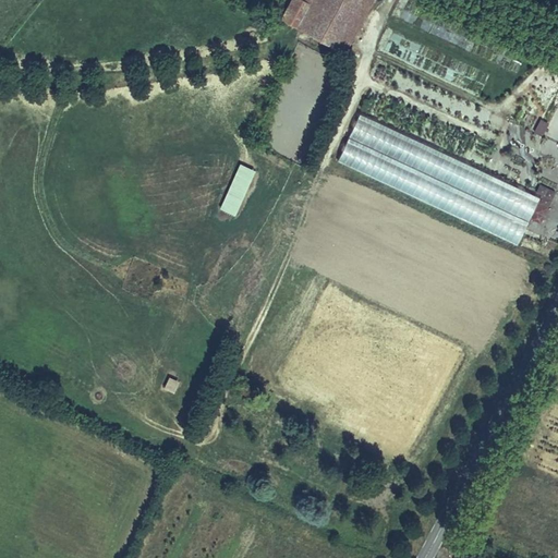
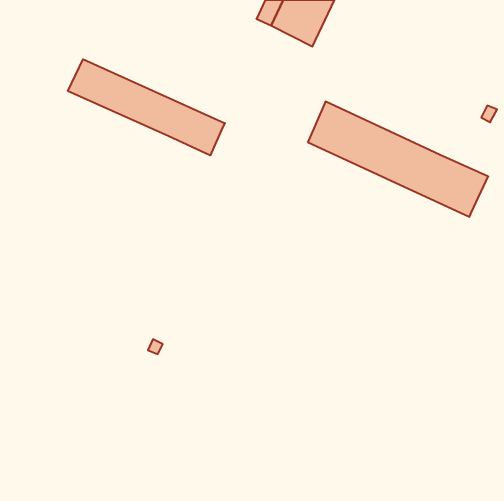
building: none -> [68,59,225,155]
building: [219,163,256,217] -> none

